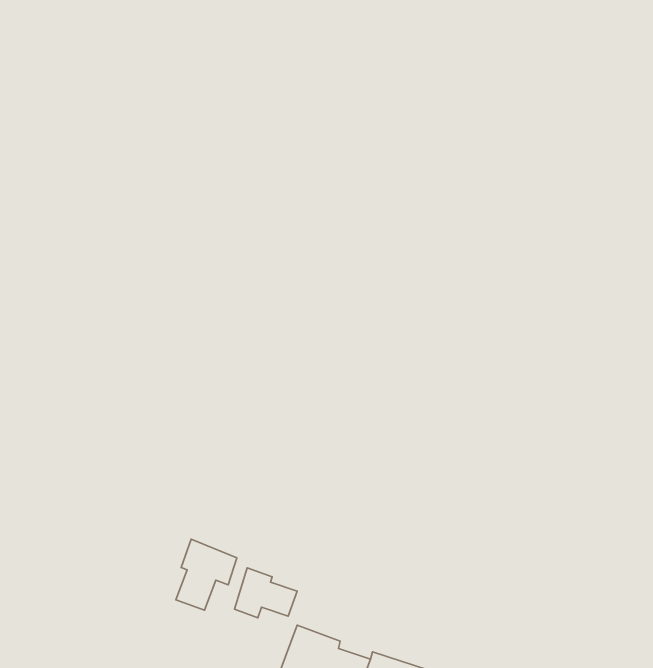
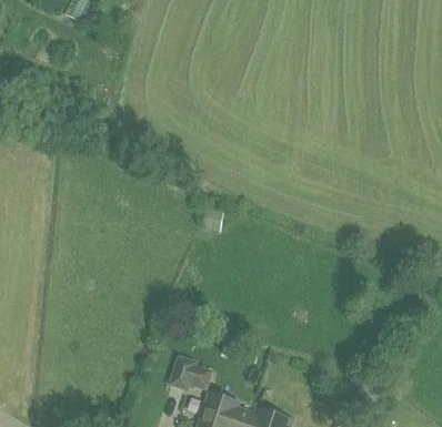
building: [176,539,237,610] -> none

